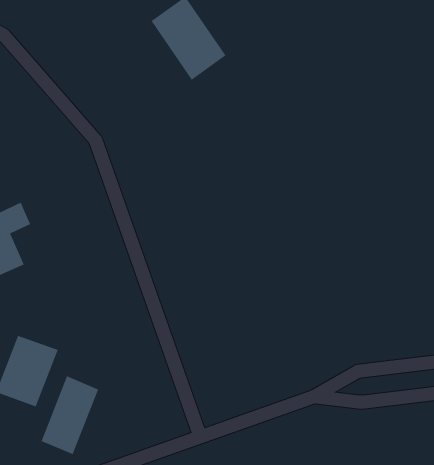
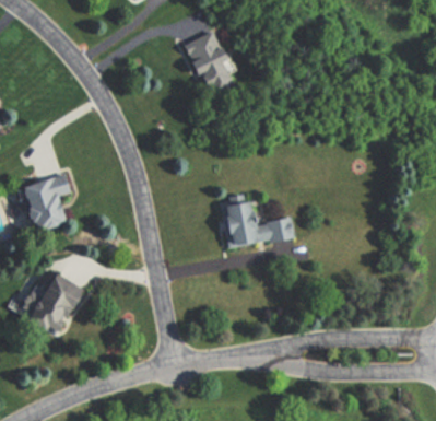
building: none -> [219,199,295,249]
building: [41,375,99,455] -> none

